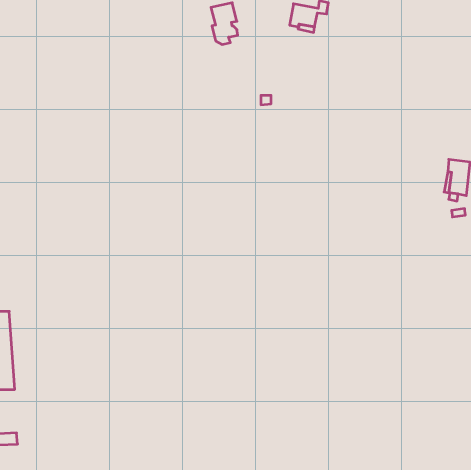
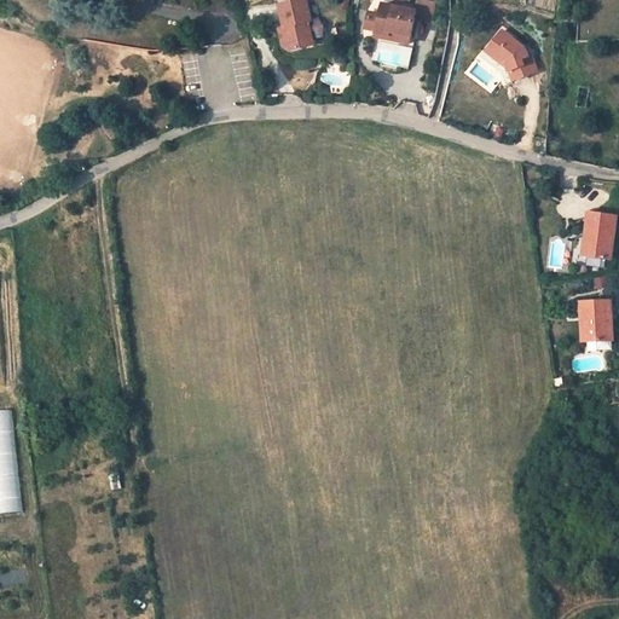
building: none -> [485,41,536,86]
building: none -> [579,296,611,337]

